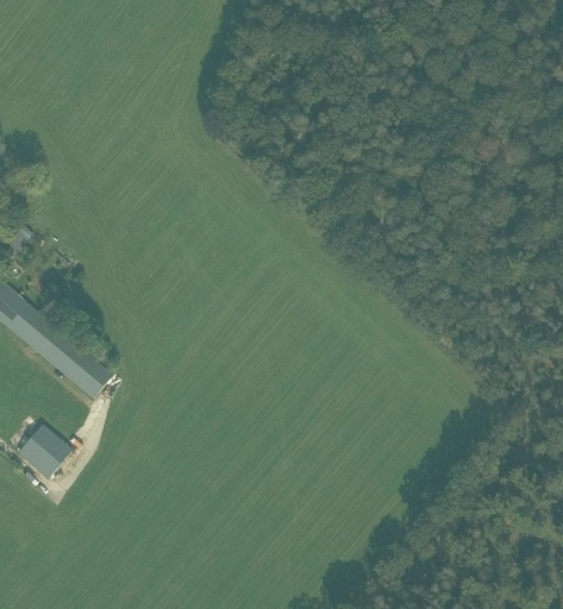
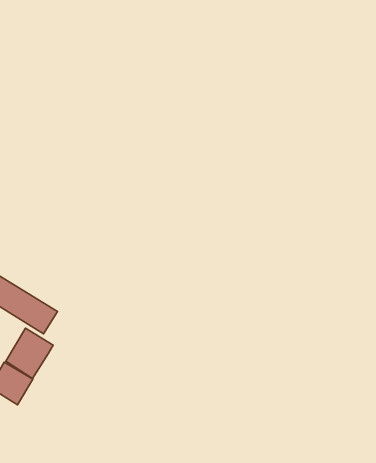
building: none -> [6,328,53,378]

